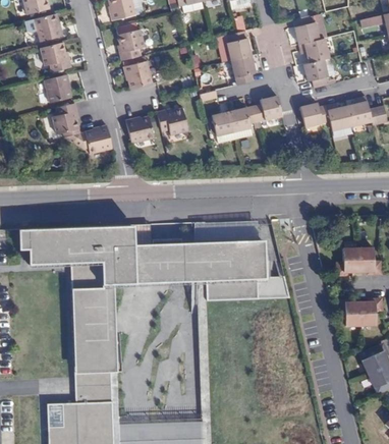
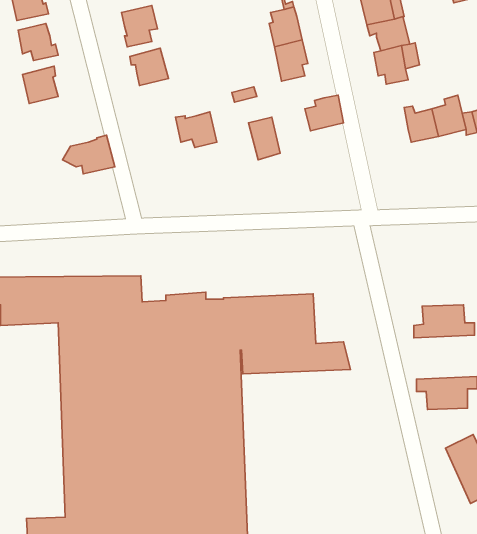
building: [52,102,80,143] -> none
building: [300,102,330,126] -> none
building: [229,105,258,137] -> none
building: [126,115,155,143] -> none

